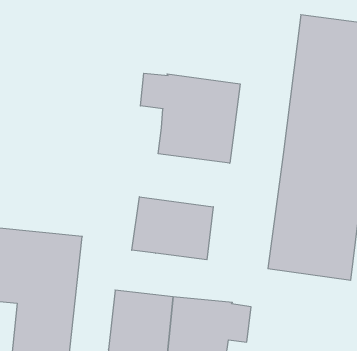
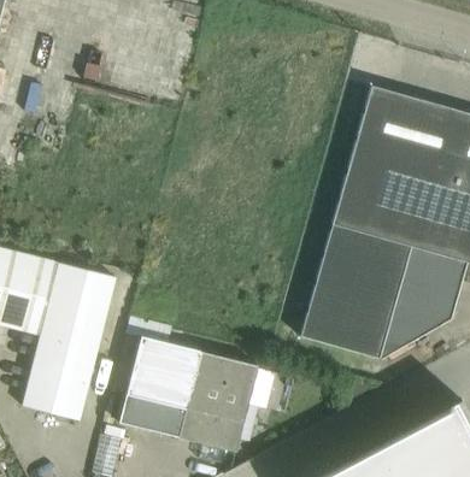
building: [140,73,240,163] -> none
building: [132,197,213,260] -> none

